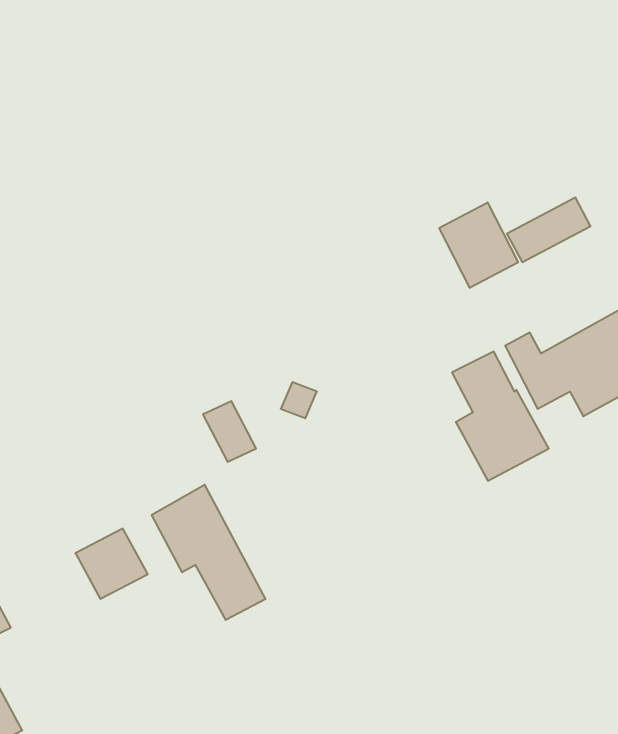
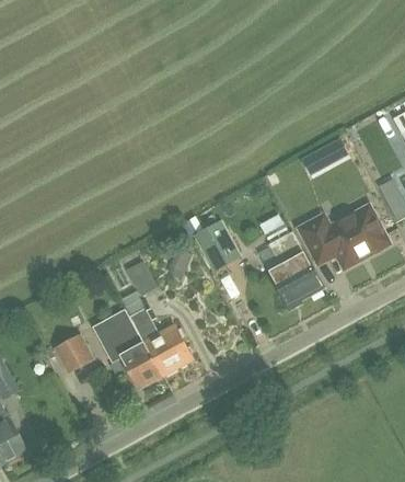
building: [439,202,518,288] -> none
building: none -> [195,222,240,271]
building: none -> [126,307,193,374]

